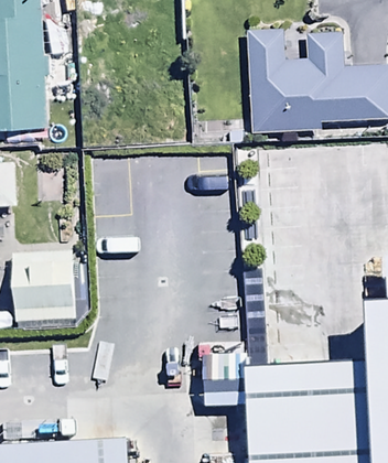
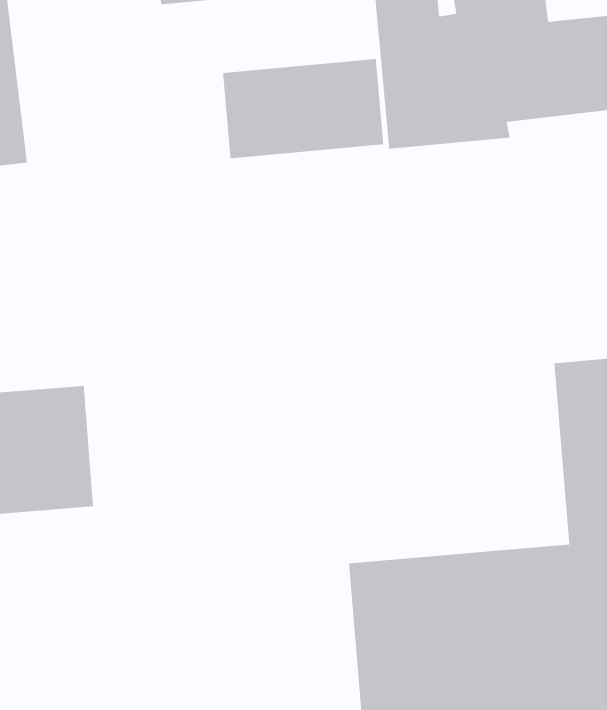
building: none -> [222,58,384,159]

